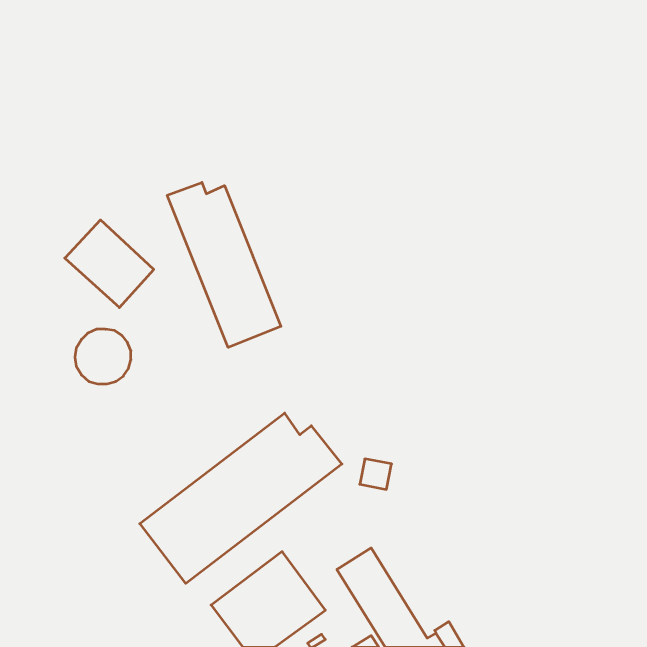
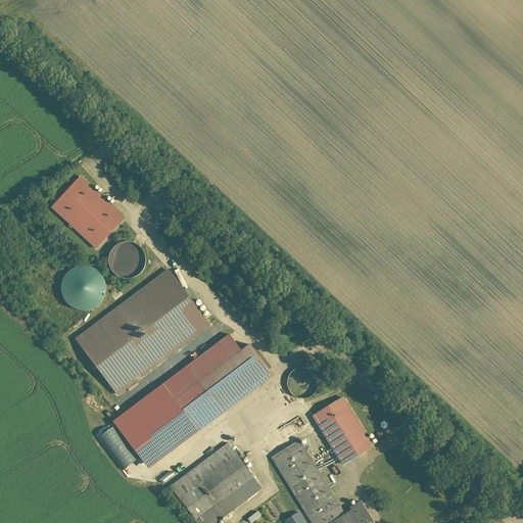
building: [167,182,281,347] -> none
building: none -> [108,240,145,278]
building: none -> [74,269,209,395]
building: none -> [314,396,373,464]

